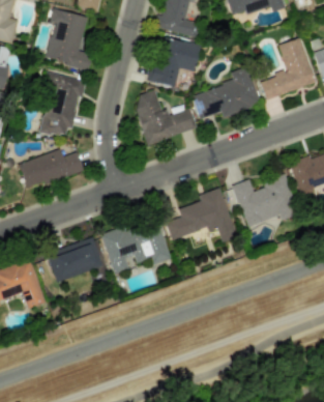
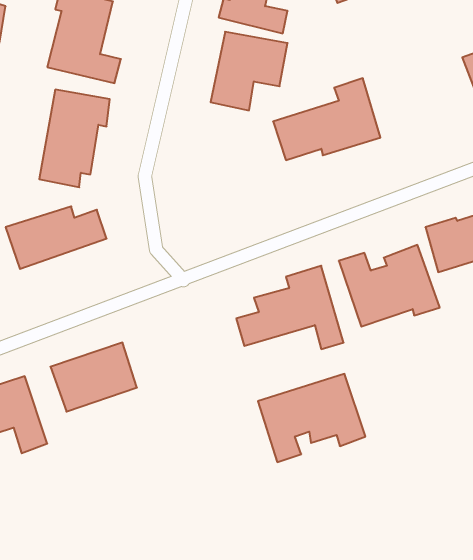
building: [260,37,316,99] -> none
building: [134,89,198,144] -> none
building: [102,218,172,275] -> [258,374,365,462]

